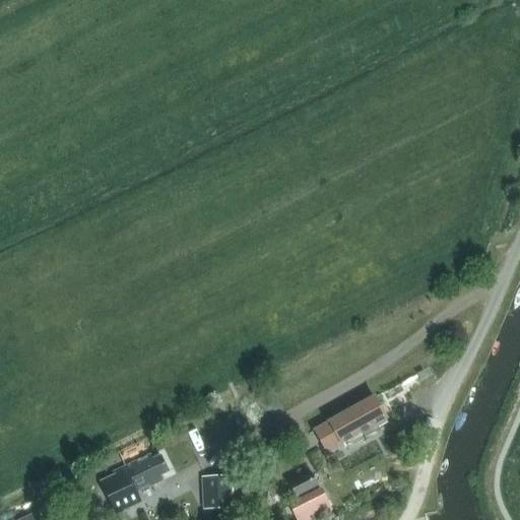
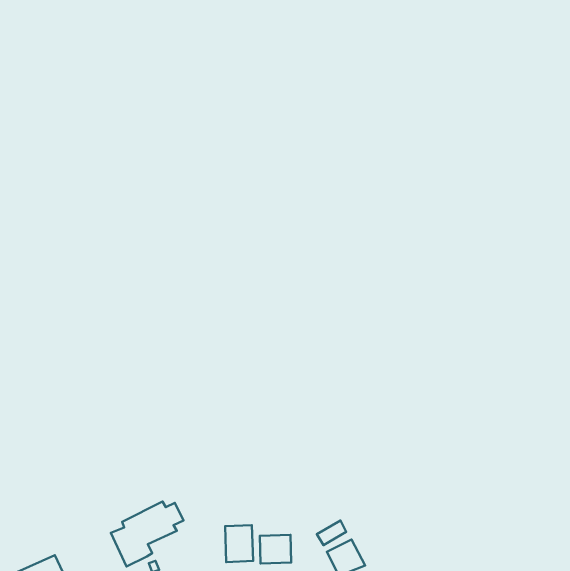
building: [312,397,383,444] -> none
building: none -> [260,535,291,563]

